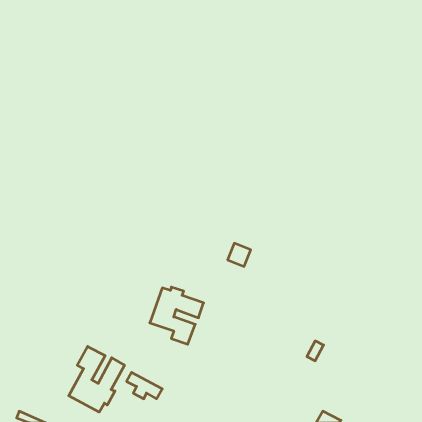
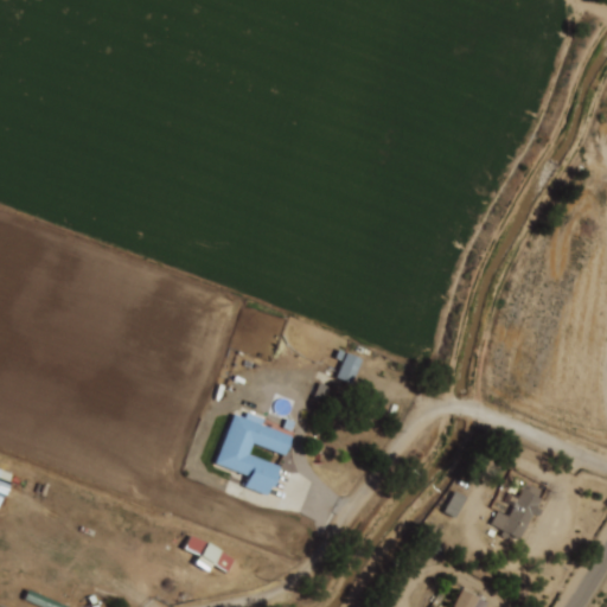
building: none -> [493,483,545,539]
building: [69,346,124,412] -> none

